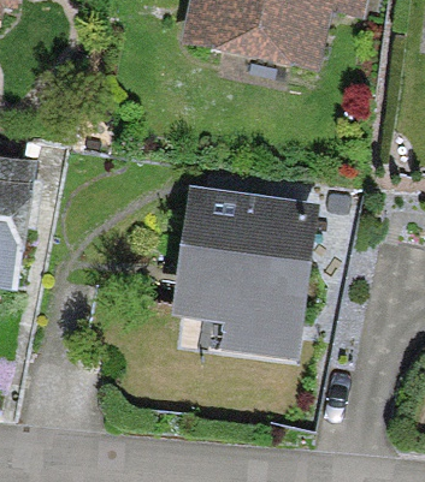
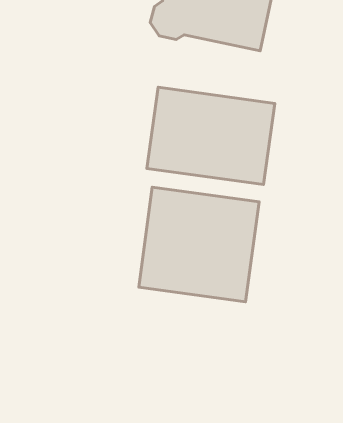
building: none -> [147,87,275,185]

